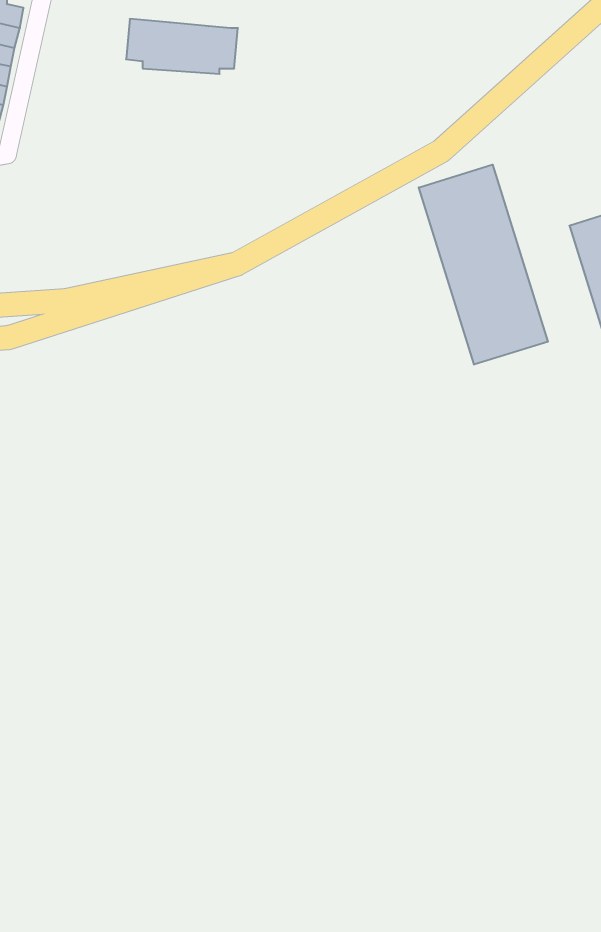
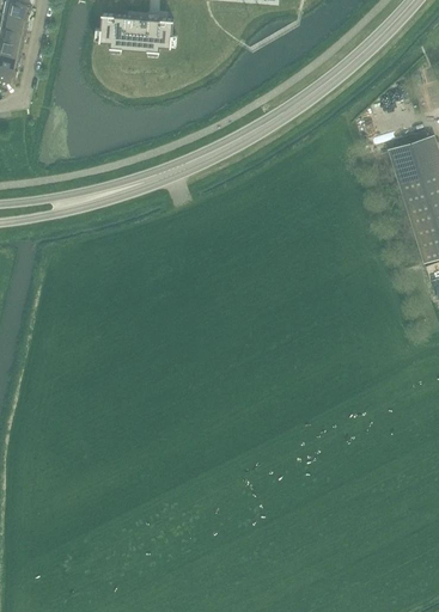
building: [419,165,548,365] -> none

